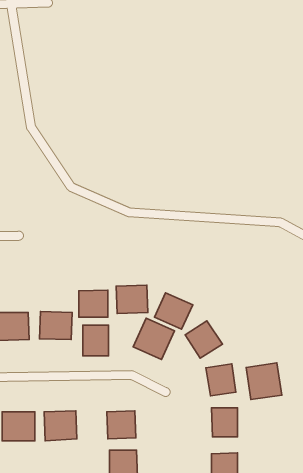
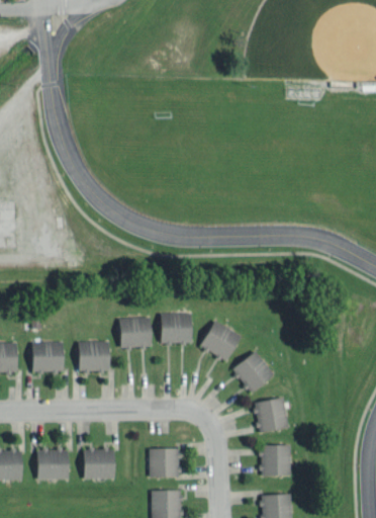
building: [133,318,174,359] -> none
building: [83,325,109,356] -> none
building: [246,363,282,400] -> none

